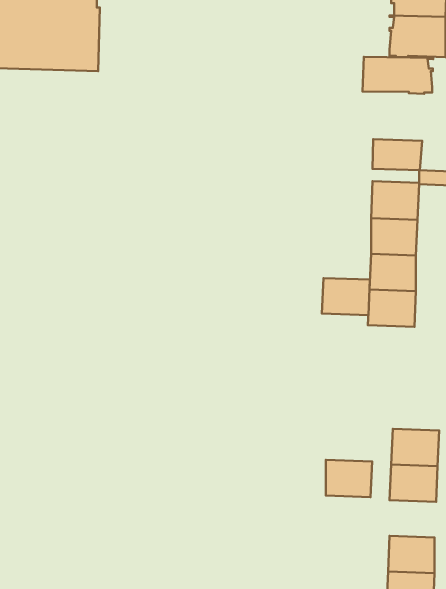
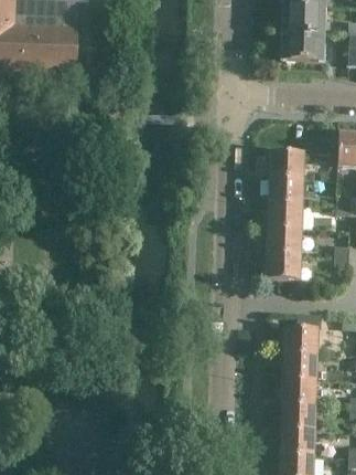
building: [363,57,433,94] -> none
building: [372,139,422,170] -> none
building: [322,278,370,315] -> [266,252,300,278]
building: [326,460,372,497] -> [282,377,315,403]

